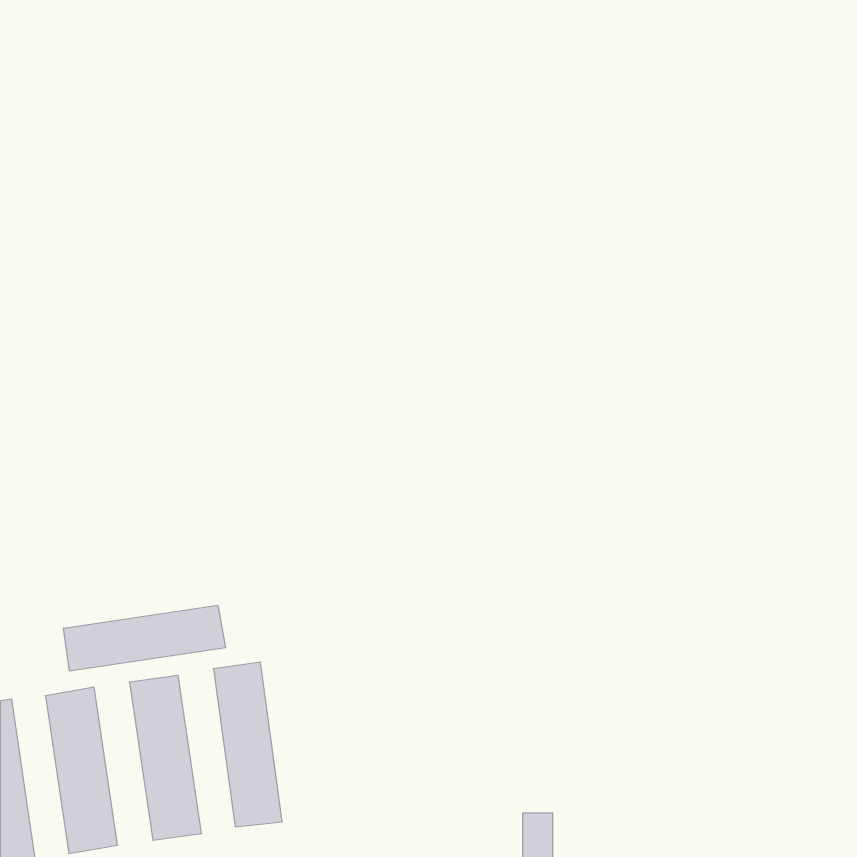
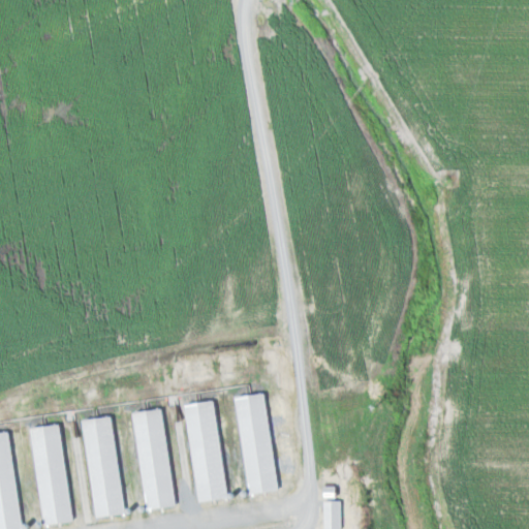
building: [63,605,226,671] -> none
building: none -> [235,394,278,494]
building: none -> [185,401,226,502]

